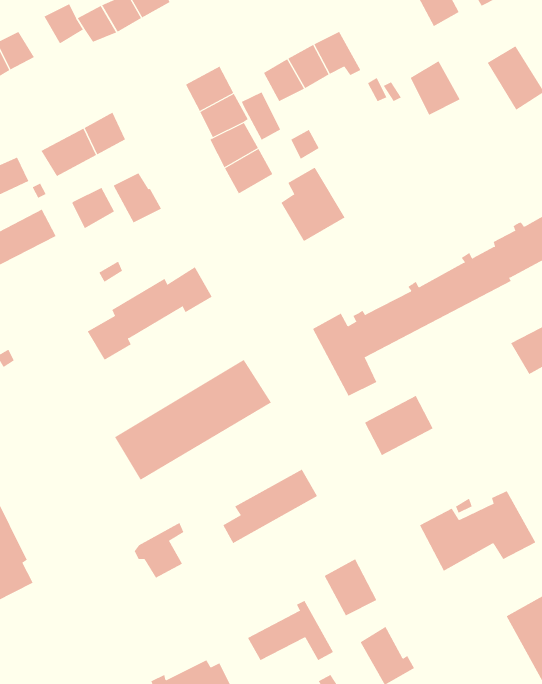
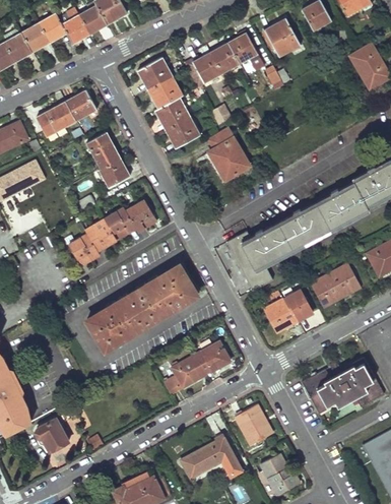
building: none -> [20,23,49,52]
building: [410,61,461,115] -> [264,18,300,57]
building: [241,92,281,141] -> none
building: [71,187,115,229] -> [100,159,130,188]
building: none -> [310,264,357,307]
building: [134,522,184,578] -> [35,412,70,451]

